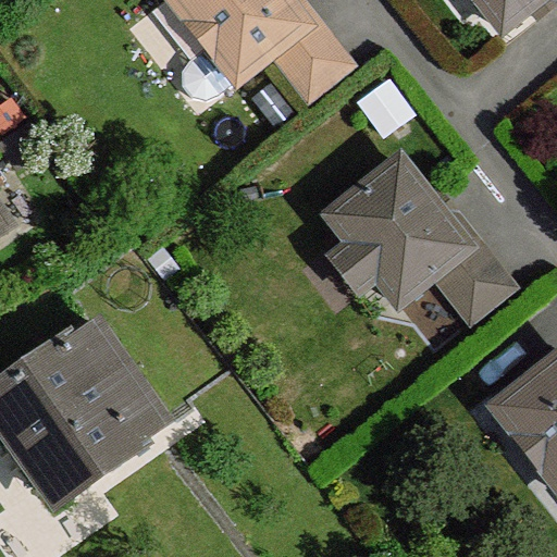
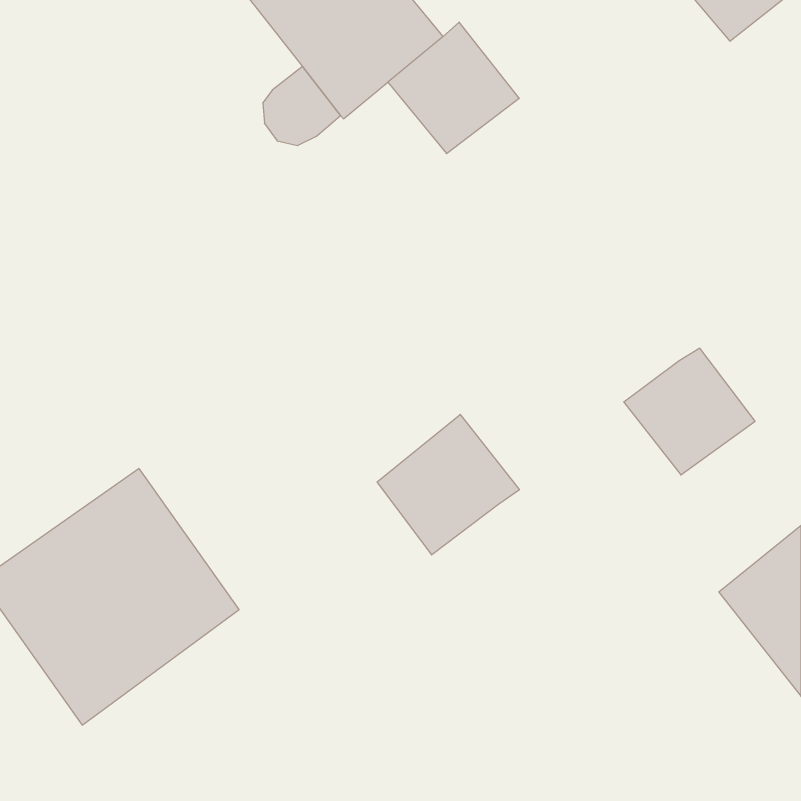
building: [330,161,467,304] -> none
building: none -> [377,414,519,555]

